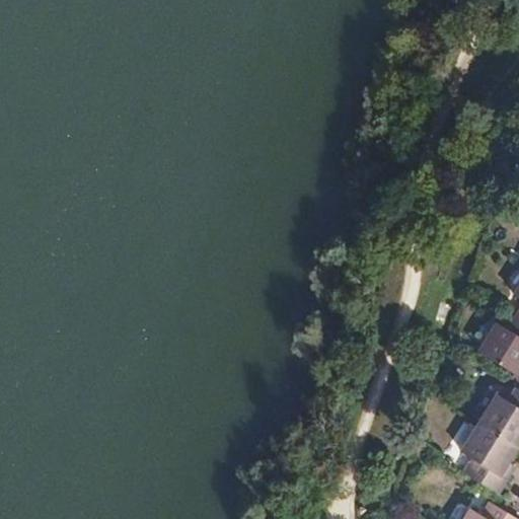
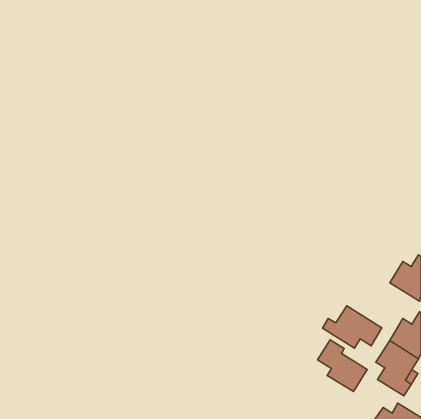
building: none -> [322,306,382,348]
building: none -> [317,340,367,392]

